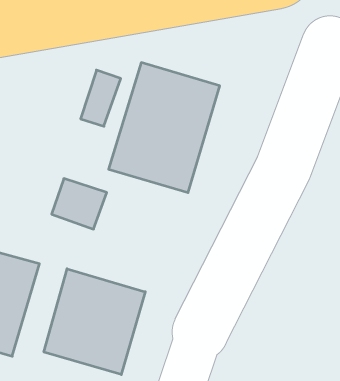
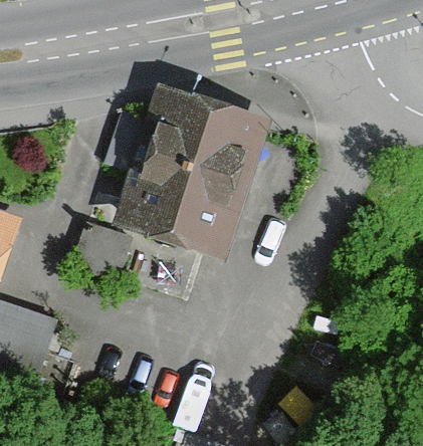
building: [44,269,145,375] -> none

